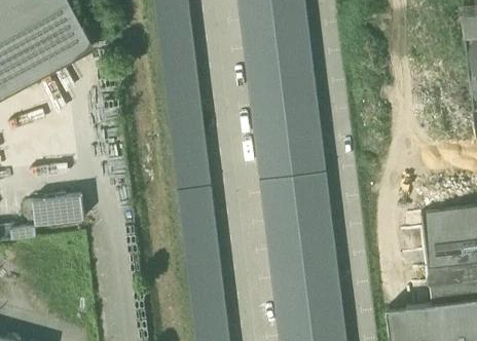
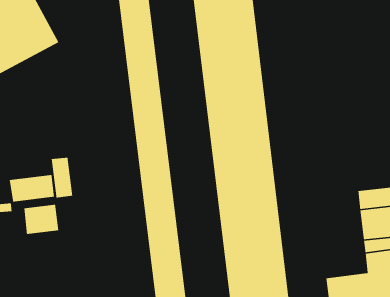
building: none -> [51,157,73,199]
building: none -> [23,204,59,235]

